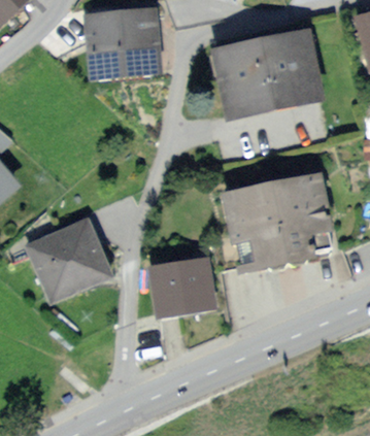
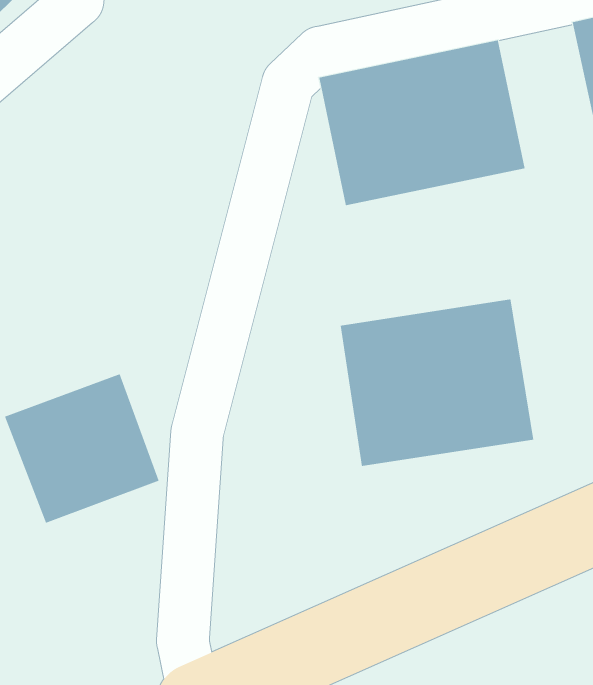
building: [86,9,164,77] -> none
building: [144,257,214,316] -> none

